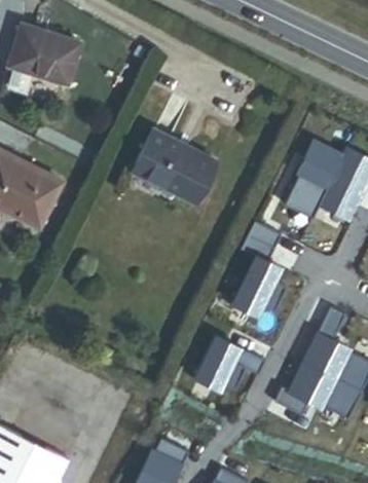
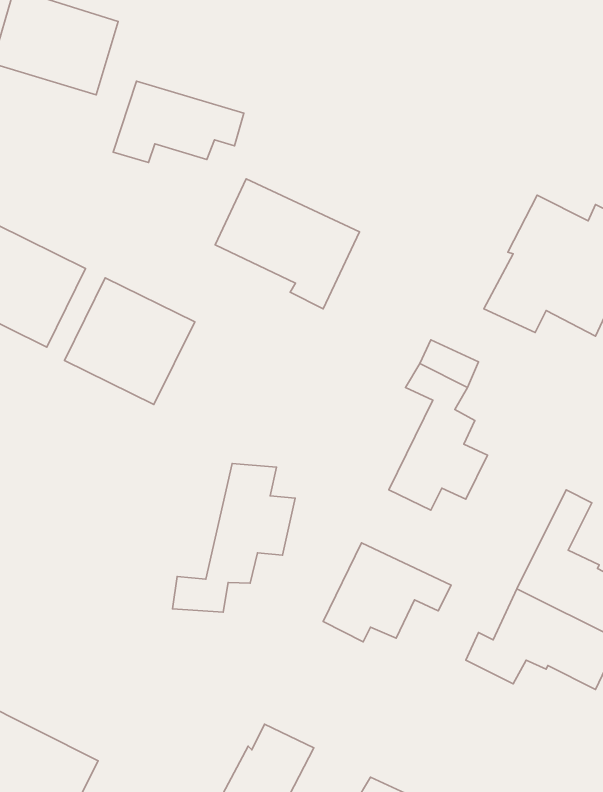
building: none -> [113,81,244,162]
building: none -> [64,278,195,404]
building: none -> [172,463,295,612]

